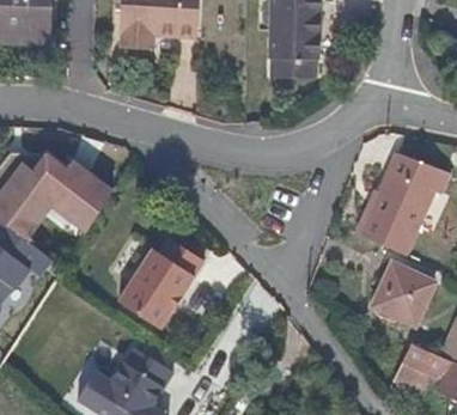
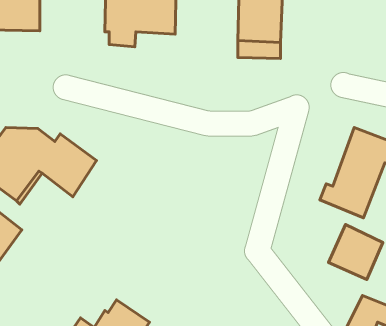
building: [120,237,208,329] -> none

